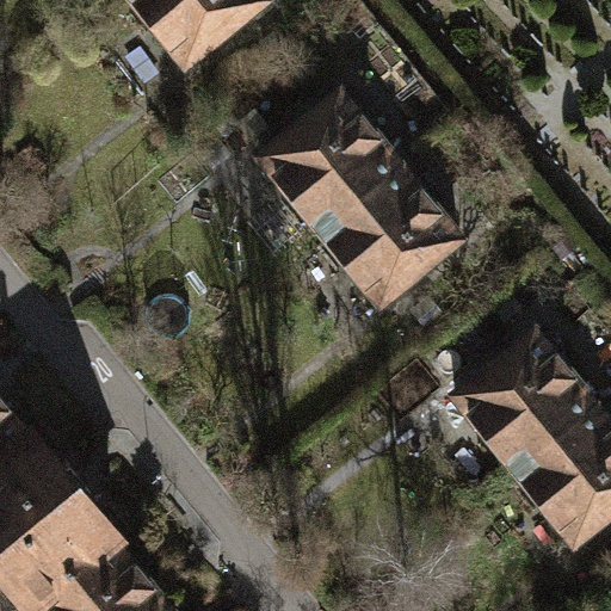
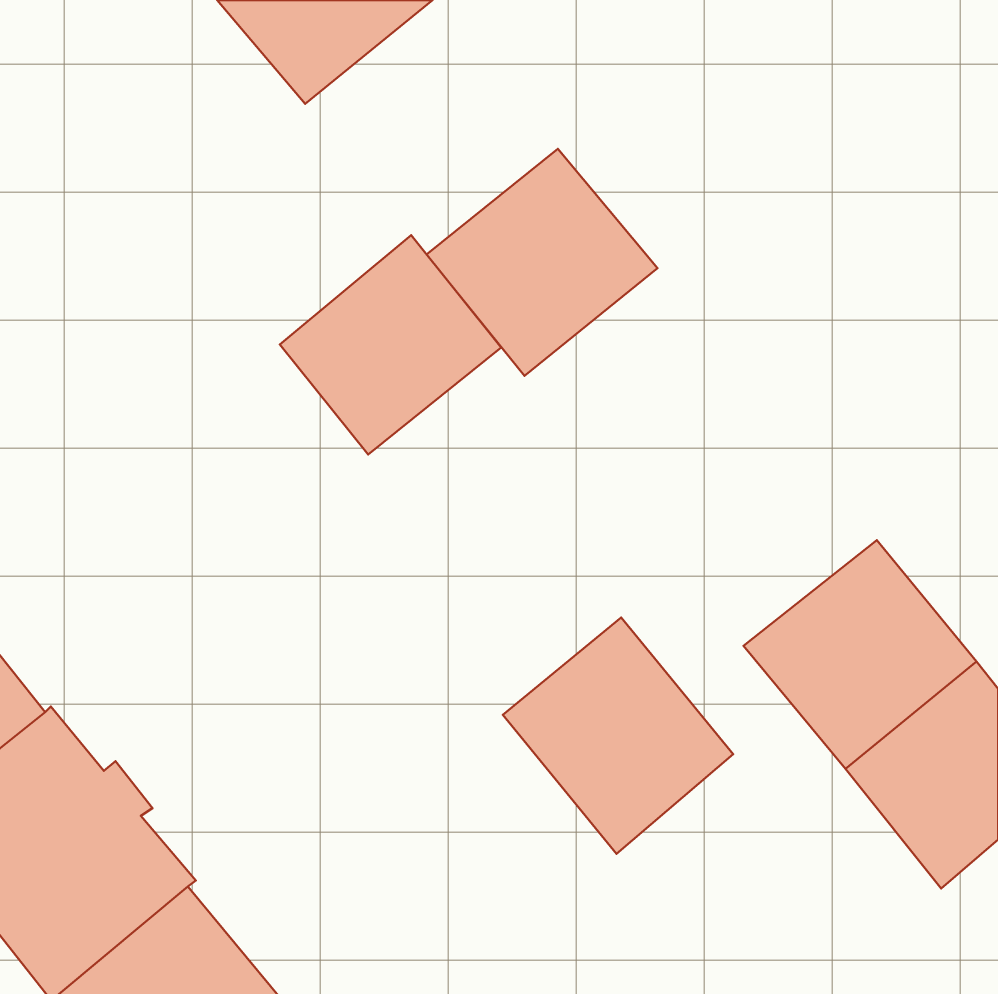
building: none -> [280,235,501,455]
building: [320,167,461,307] -> none
building: none -> [503,618,733,854]

